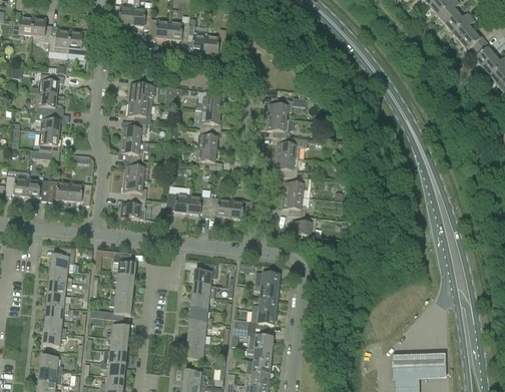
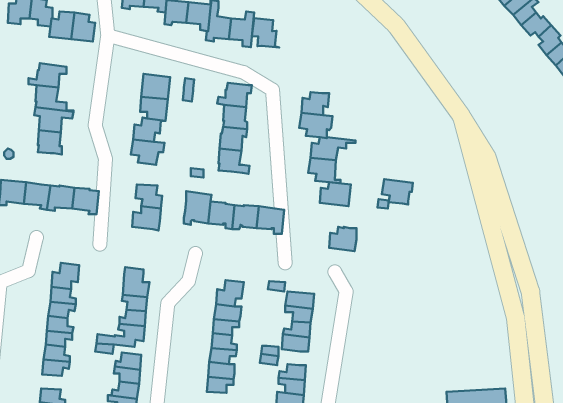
building: none -> [252,18,279,47]
building: [124,160,149,180] -> none
building: [282,194,309,217] -> [382,179,413,205]

